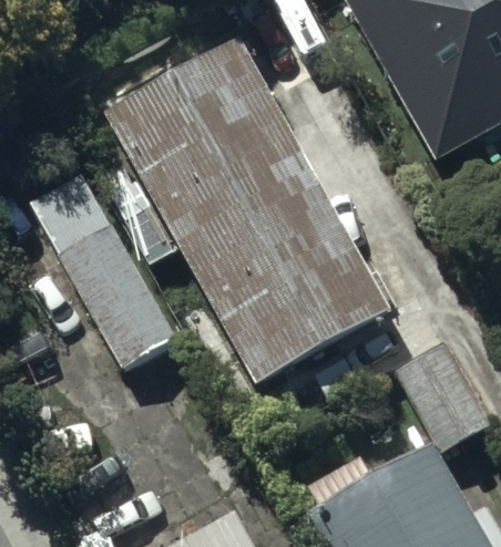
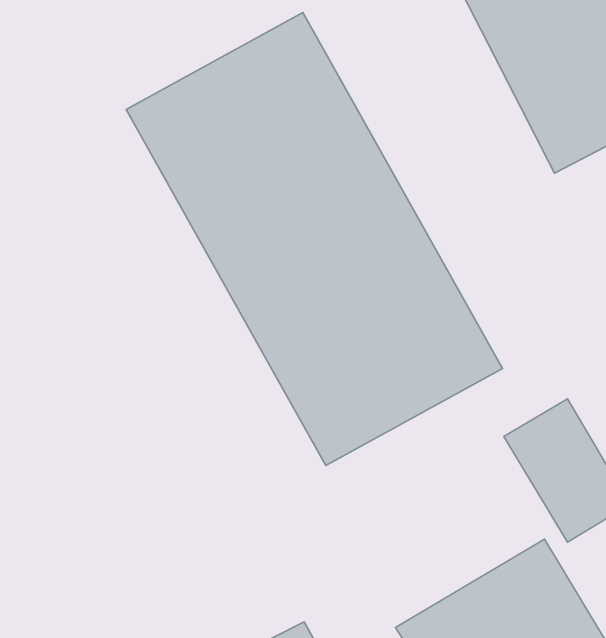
building: [27,169,178,368] -> none

